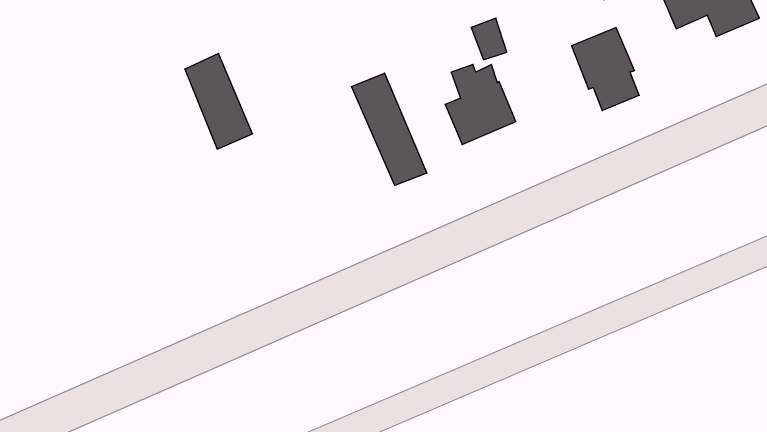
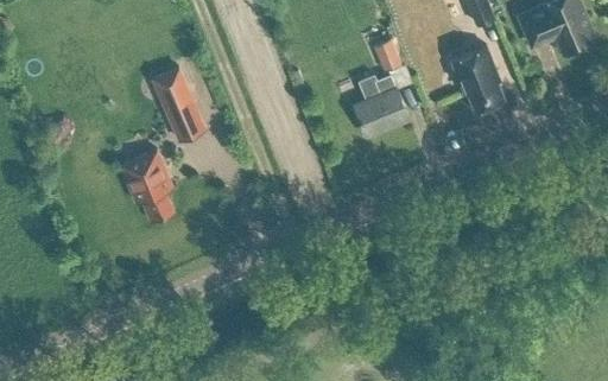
building: [352,73,427,185] -> none
building: none -> [124,151,175,221]

